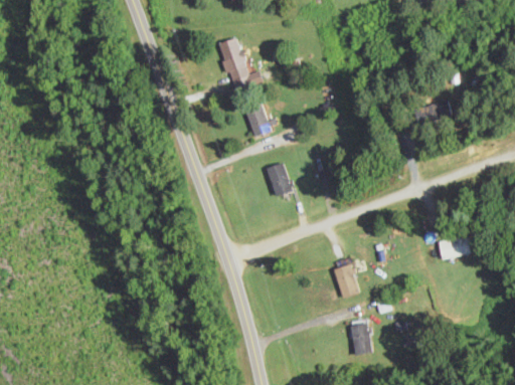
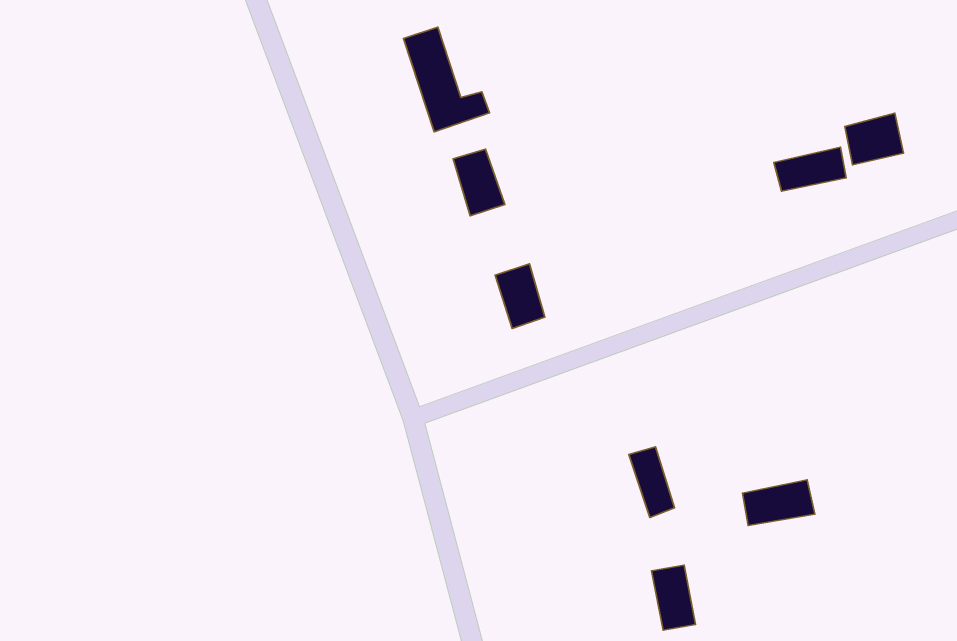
building: none -> [845,113,903,165]
building: [437,234,475,258] -> [742,480,815,526]

